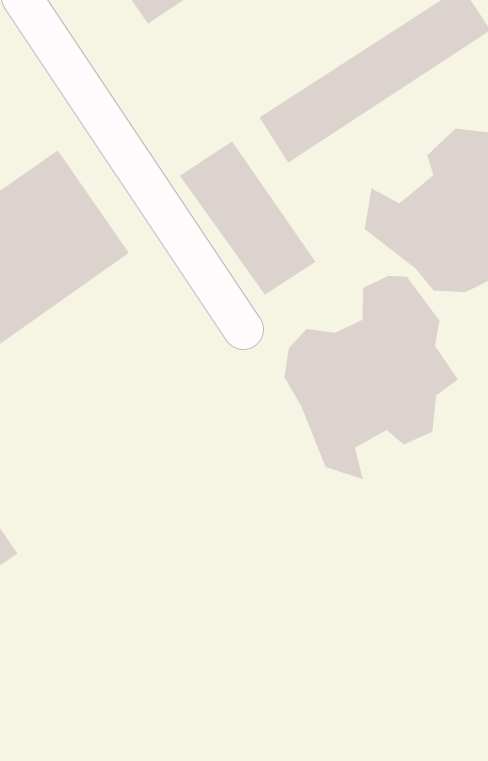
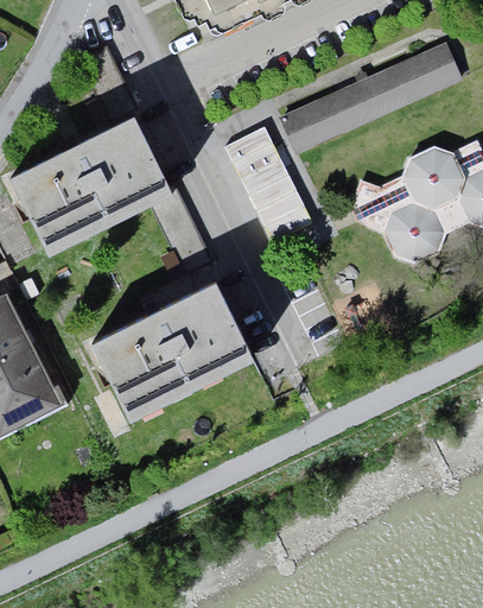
building: [284,275,459,480] -> none
building: none -> [90,284,258,426]

